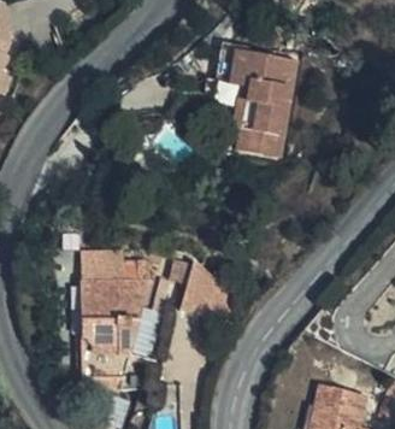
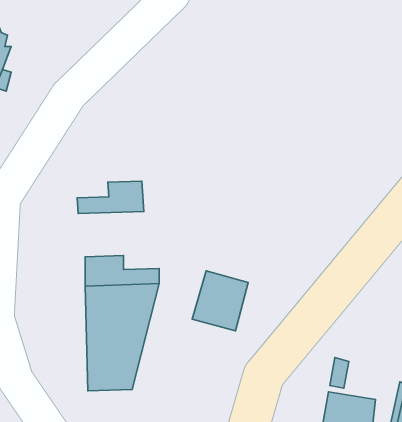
building: [231,40,299,142] -> none
building: none -> [77,181,144,214]

